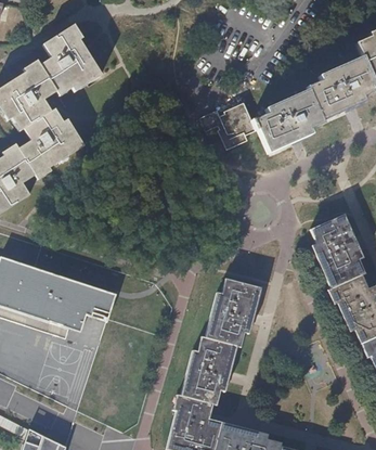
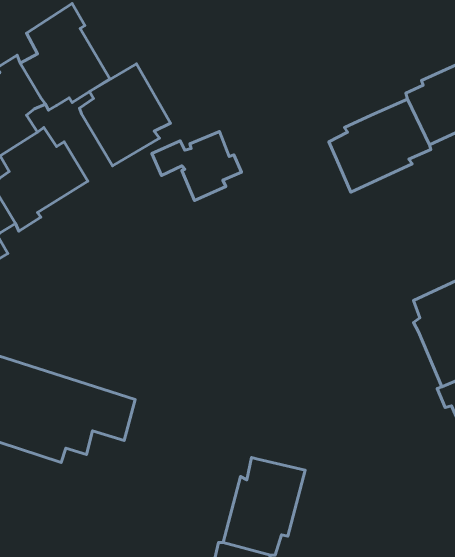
building: none -> [79,64,170,166]
building: [196,102,258,150] -> [152,131,242,201]
building: [204,278,260,346] -> none

